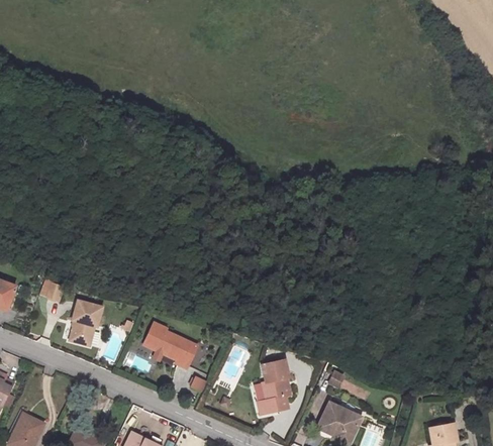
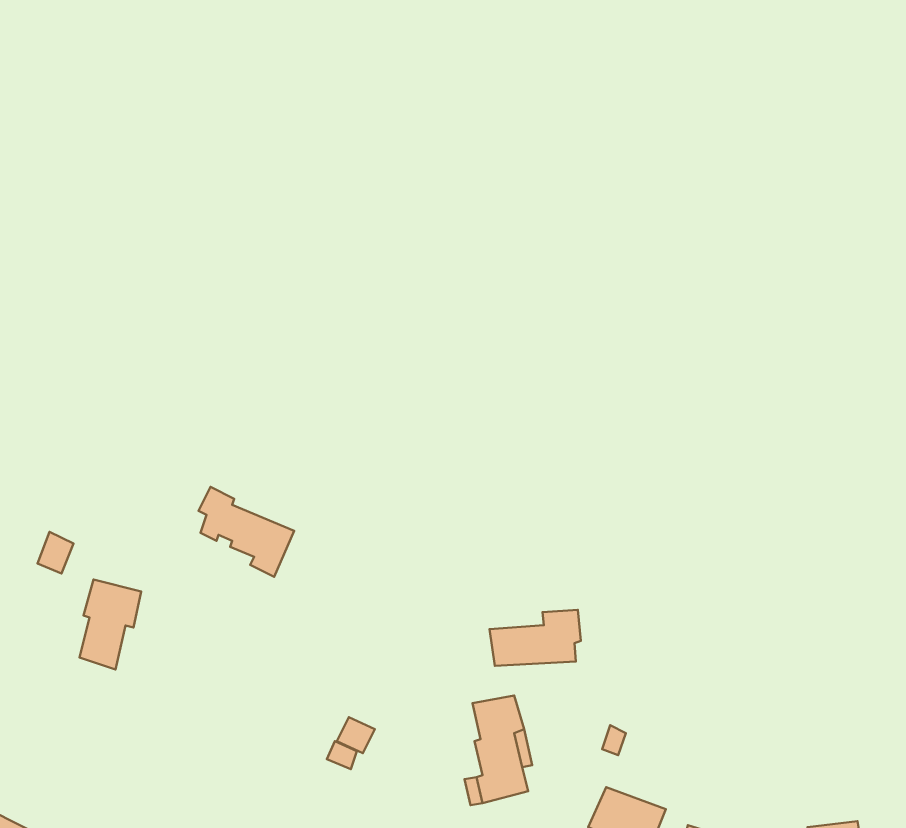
building: none -> [489,610,581,666]
building: [144,327,193,372] -> [198,487,294,577]

